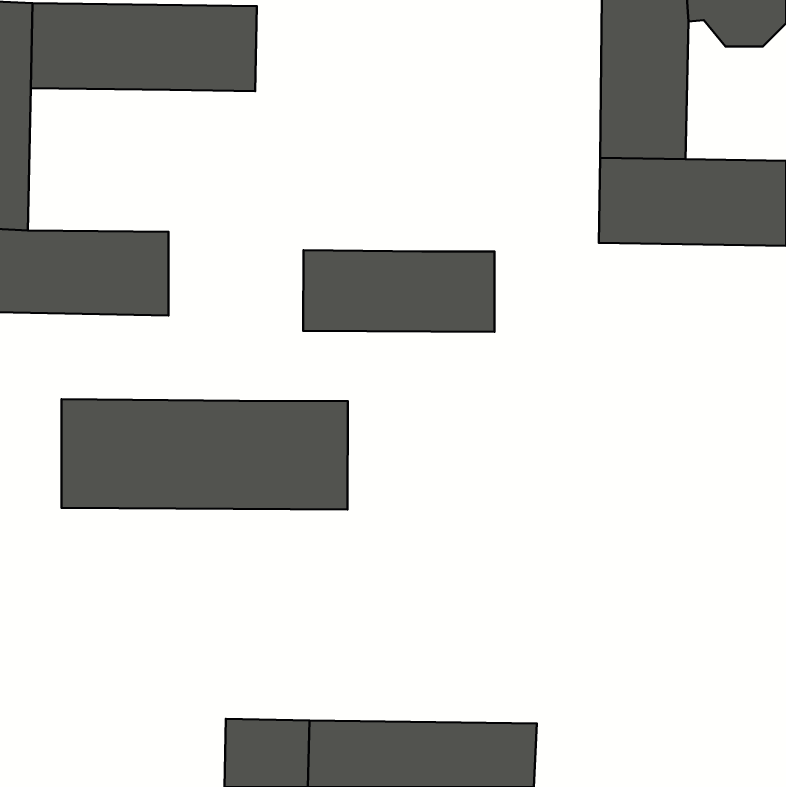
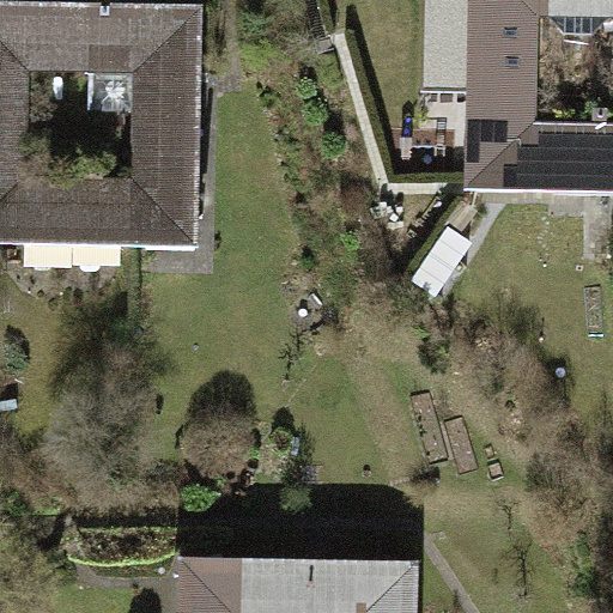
building: none -> [131,69,198,245]
building: [303,250,495,332] -> none
building: [61,399,348,510] -> none

